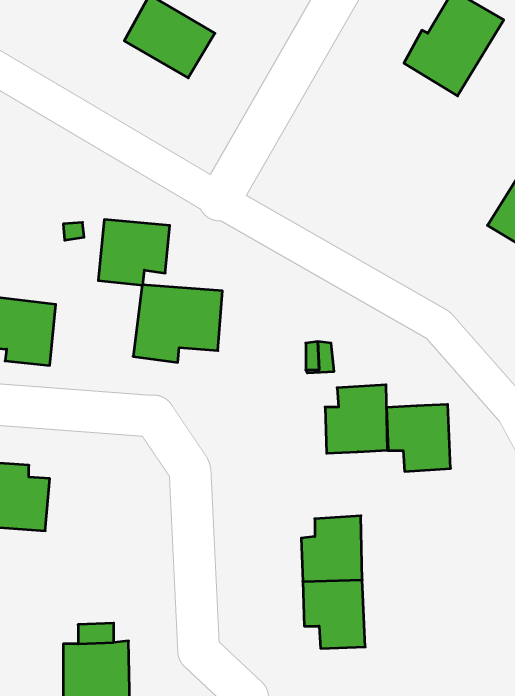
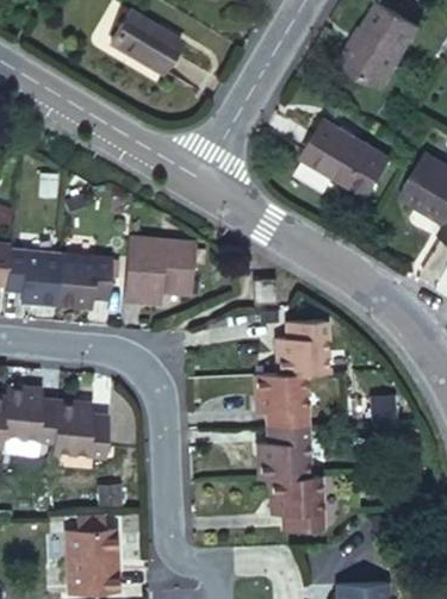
building: none -> [306,120,372,183]
building: [98,220,170,285] -> [54,257,111,310]
building: [387,404,451,471] -> [252,375,303,429]
building: none -> [50,397,104,449]

